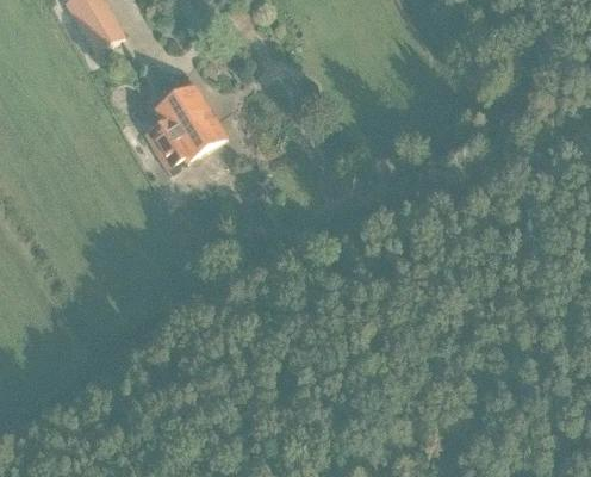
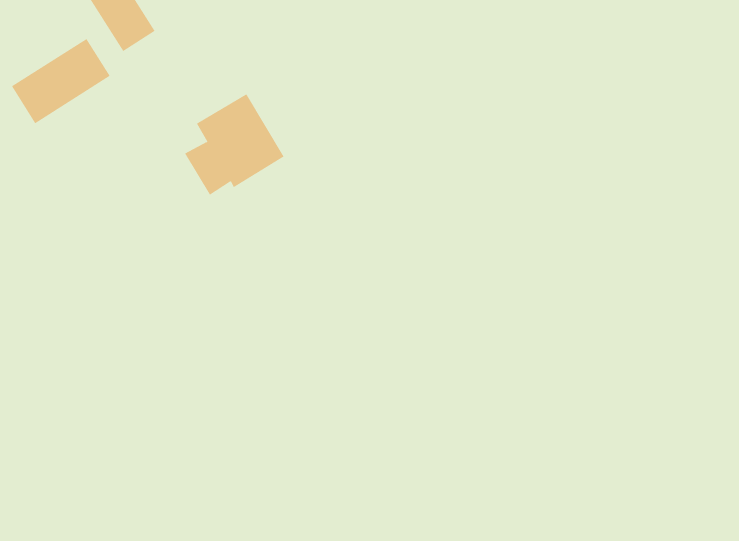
building: none -> [11,38,110,124]

